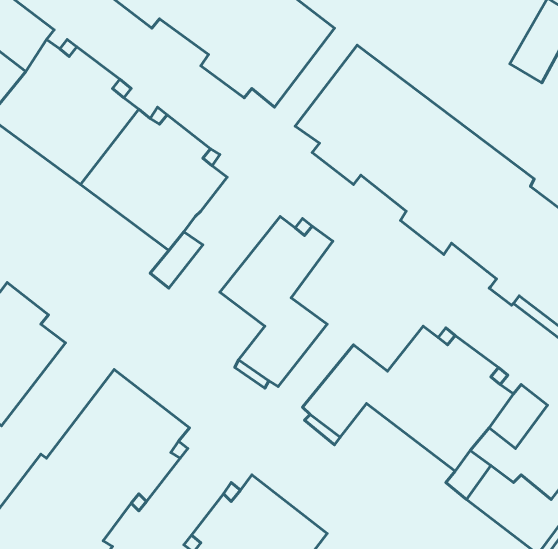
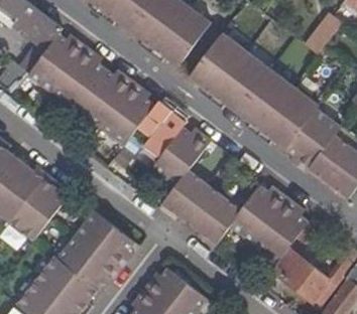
building: none -> [140,101,186,155]

